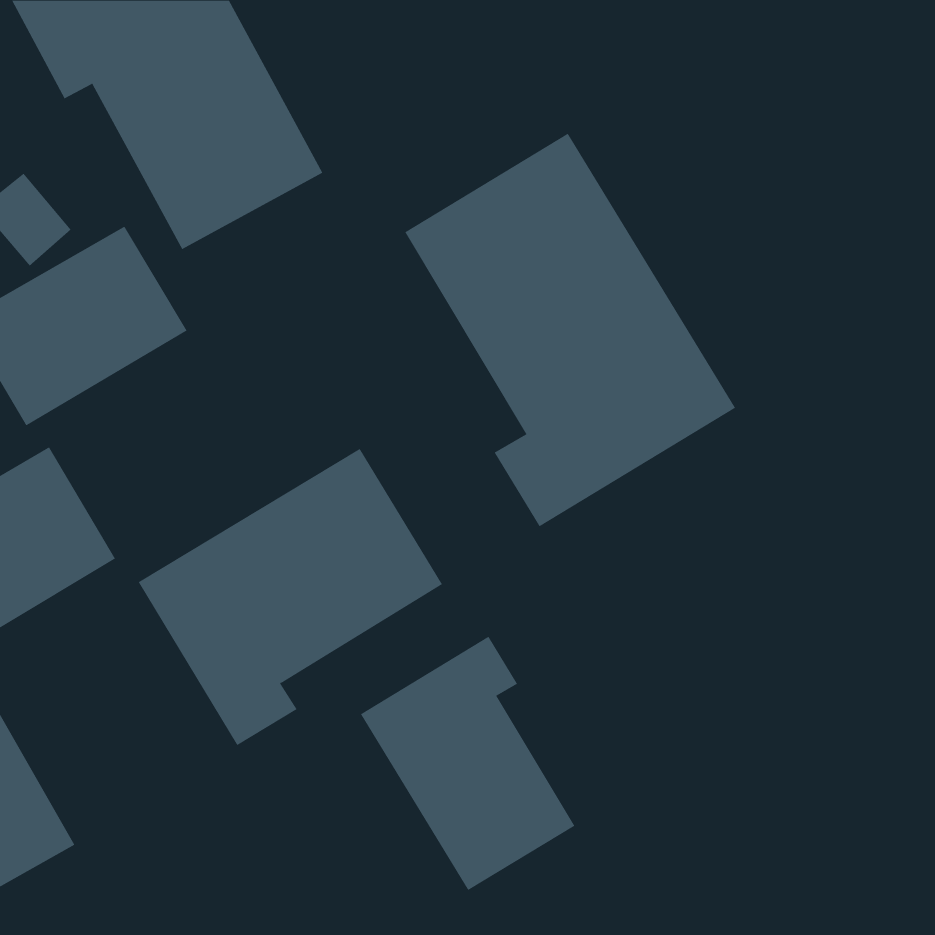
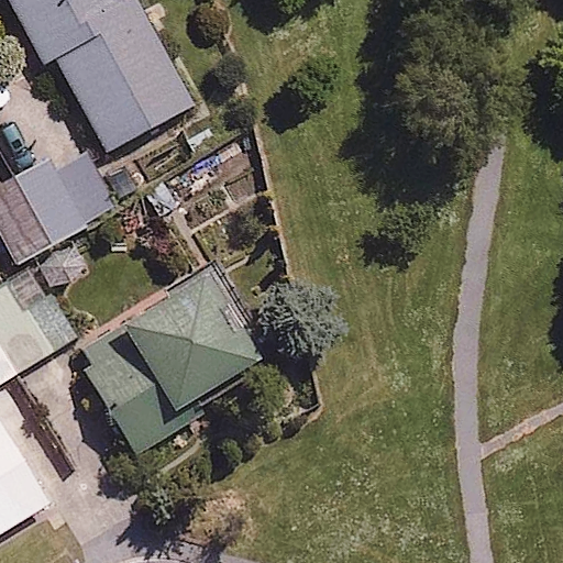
building: [404,133,736,527] -> none
building: [360,636,575,891] -> none

